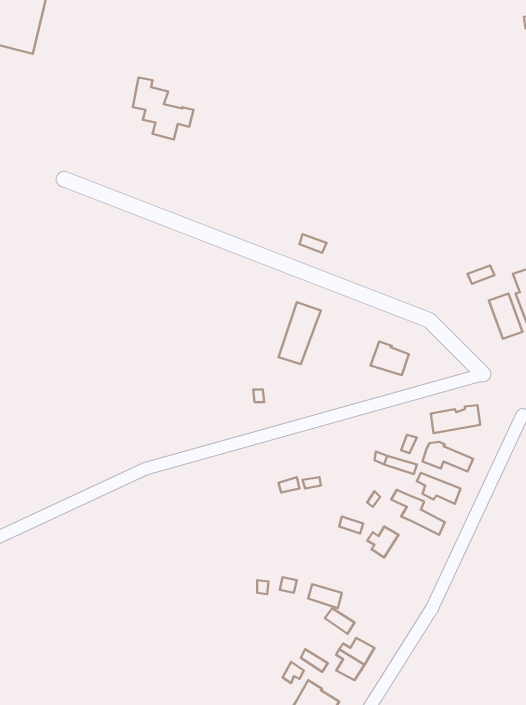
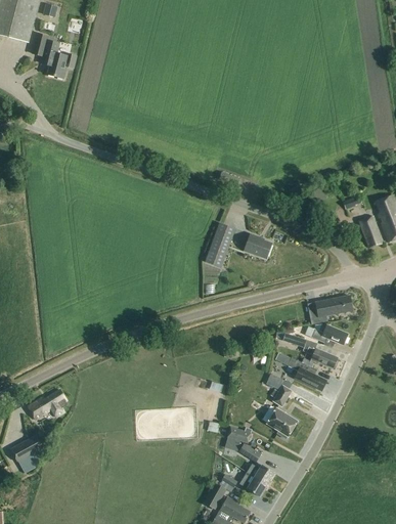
building: [133,77,194,139] -> [33,32,77,77]
building: [371,341,409,375] -> [244,232,271,257]
building: none -> [27,388,65,420]
building: none -> [266,407,297,437]
building: none -> [10,434,44,462]

